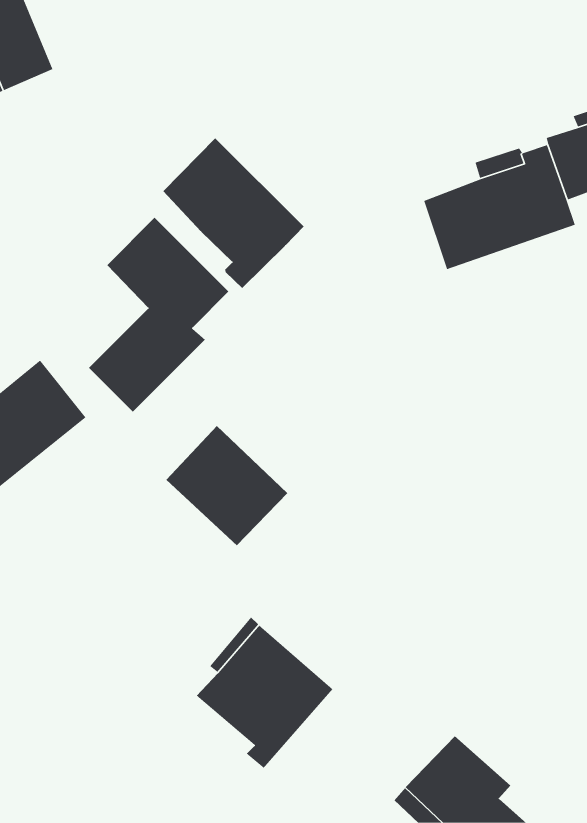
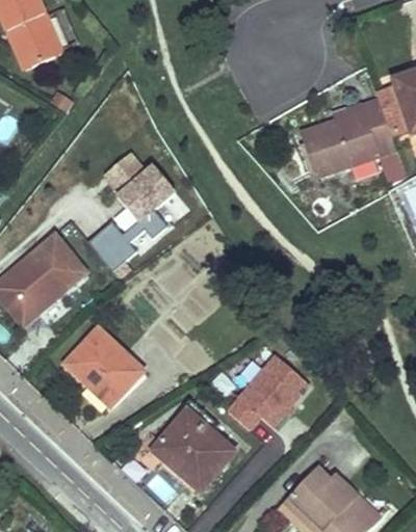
building: [163,137,305,289] -> none
building: [166,425,288,546] -> [67,328,144,404]
building: none -> [228,354,308,440]

